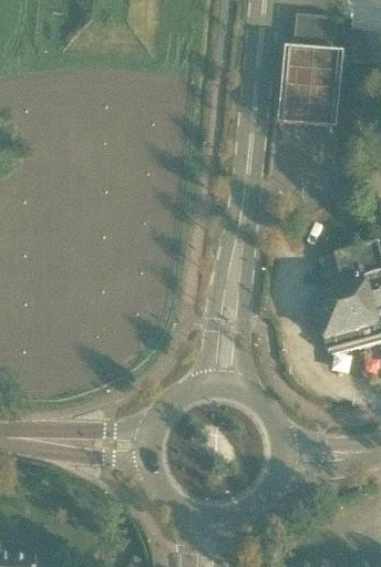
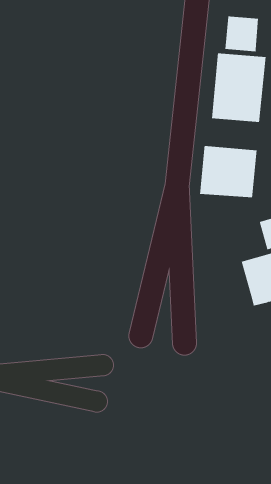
building: none -> [199,145,257,198]

